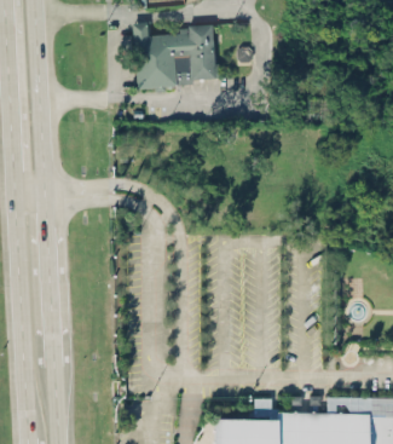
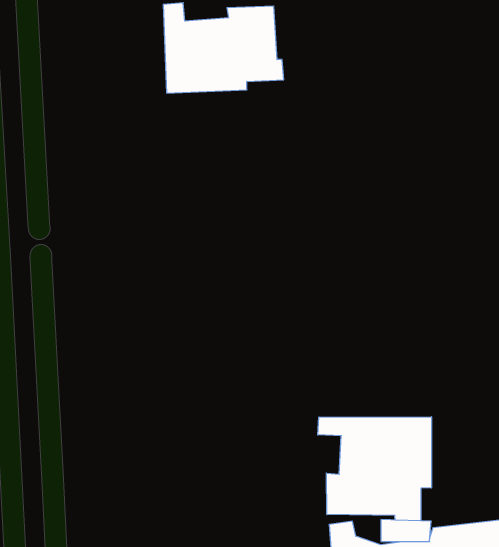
building: none -> [318,417,431,521]

